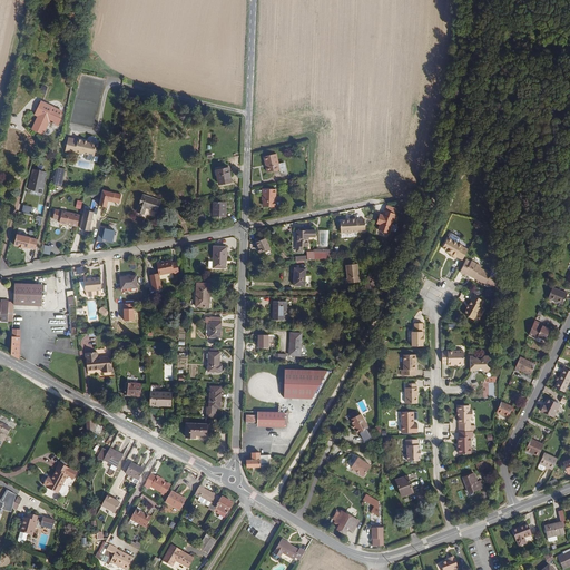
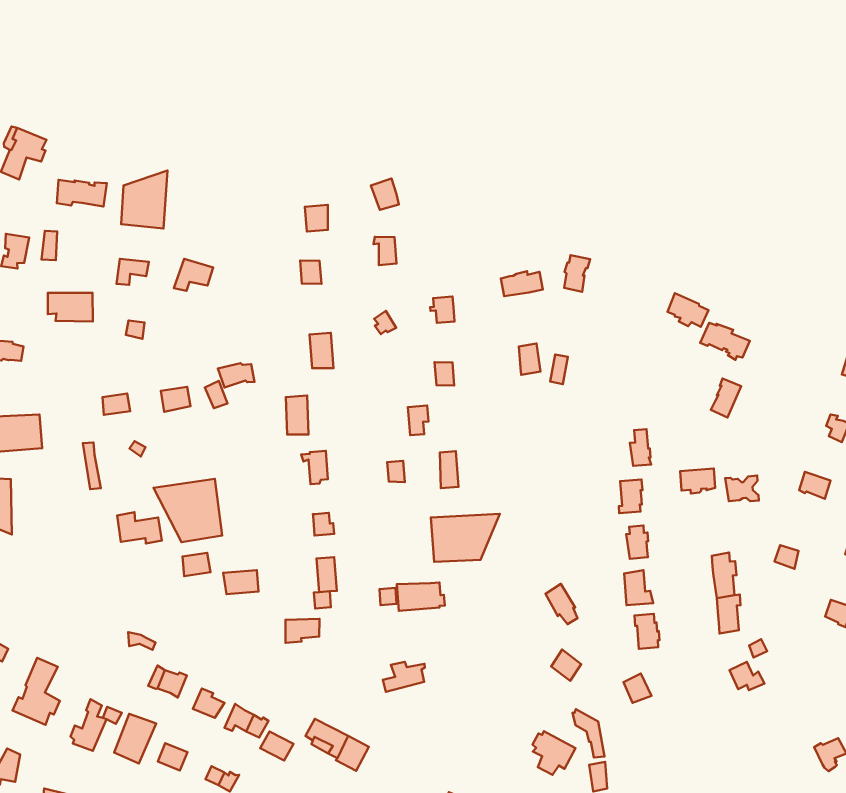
building: none -> [121,170,168,228]
building: none -> [153,479,222,542]
building: none -> [13,658,60,725]
building: none -> [114,714,156,763]

